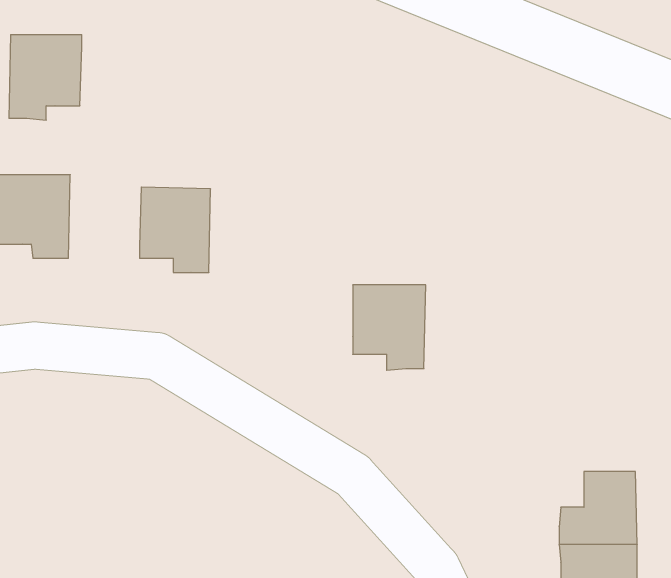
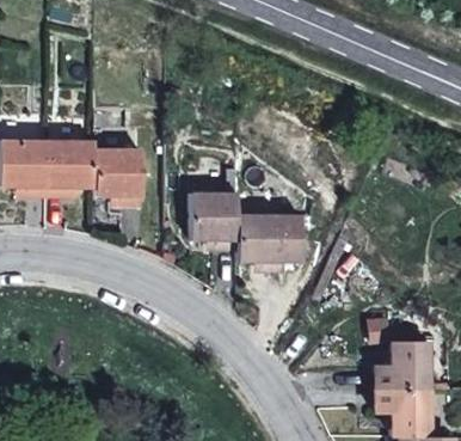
building: [9,35,82,120] -> [48,139,97,196]
building: none -> [191,191,239,247]

